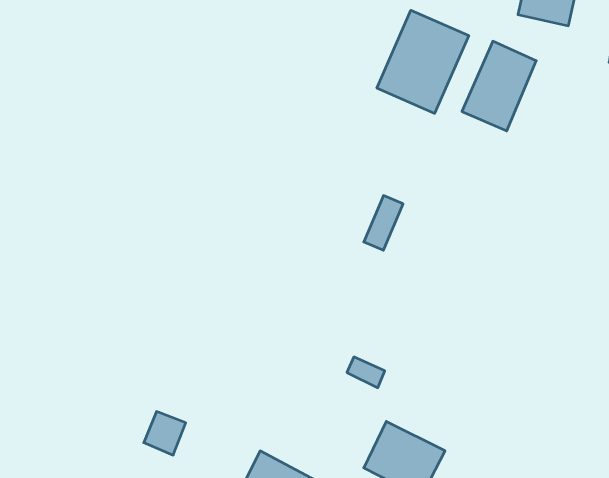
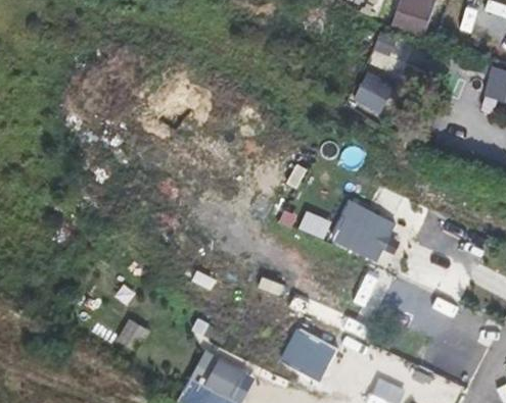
building: [377,10,469,113] -> none
building: none -> [327,199,396,264]

